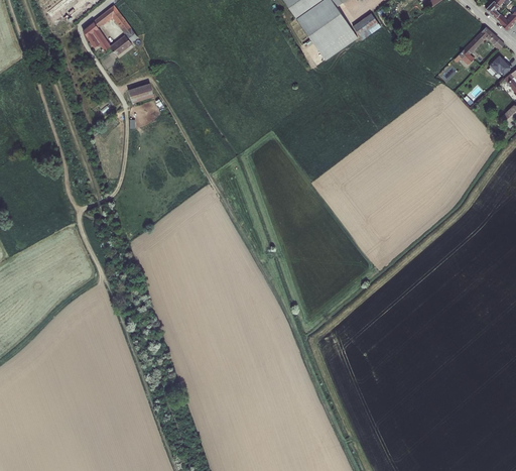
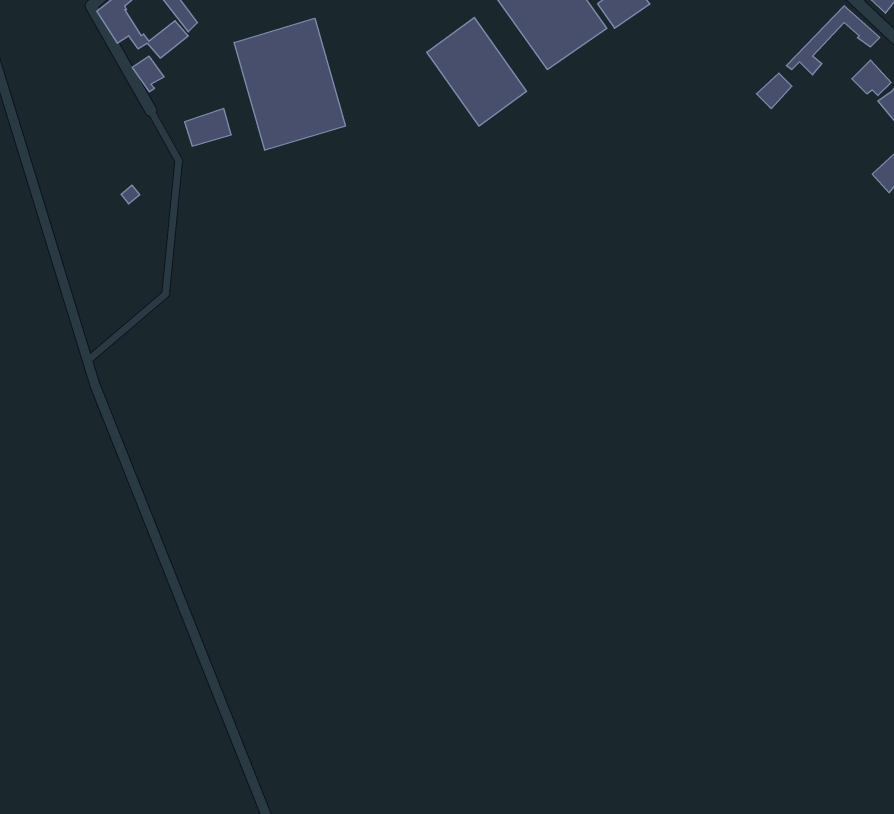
building: none -> [427,17,527,126]
building: none -> [234,18,346,150]

